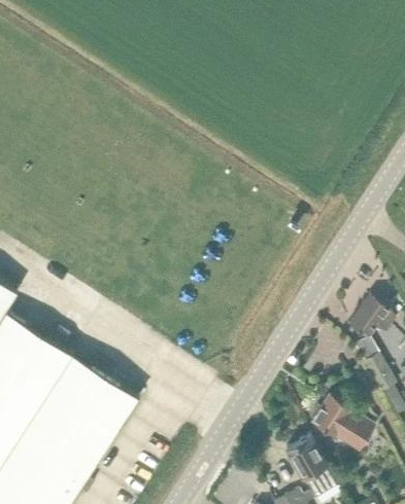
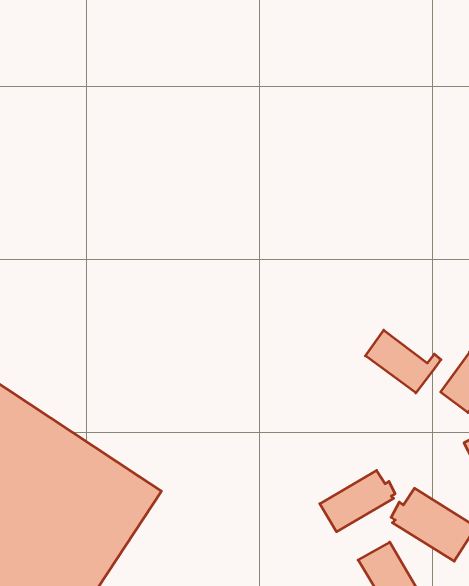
building: none -> [365,330,441,393]
building: none -> [320,470,395,532]

